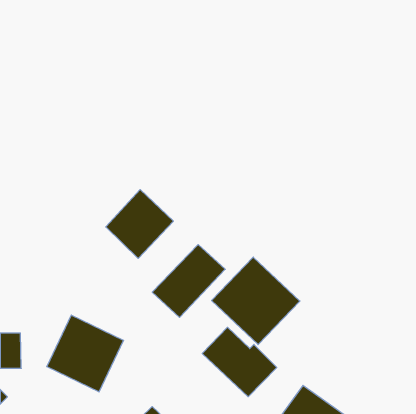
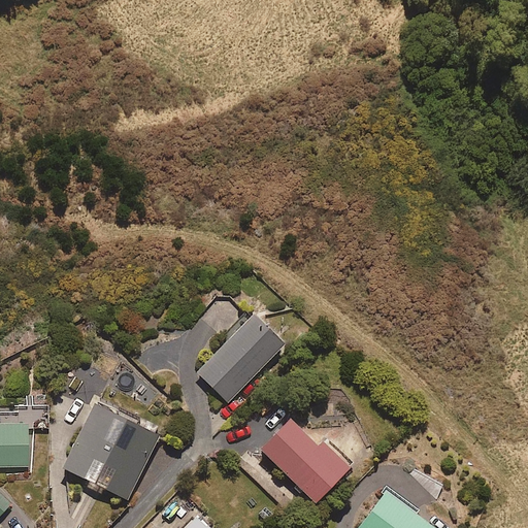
building: [106,190,173,258] -> none
building: [212,257,300,345] -> none

